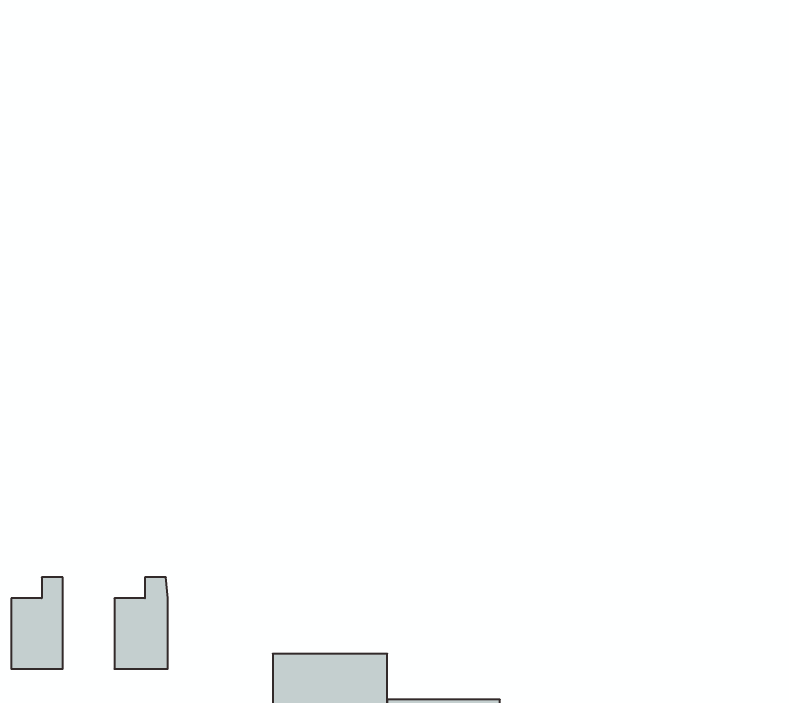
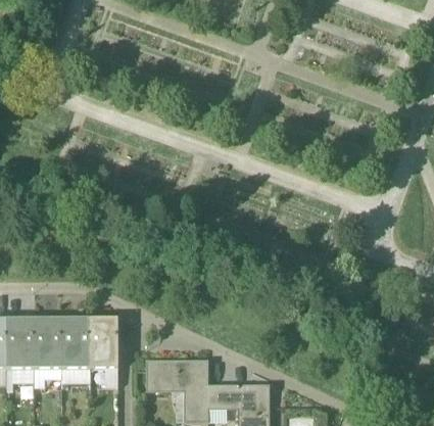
building: none -> [34,320,61,369]
building: none -> [90,320,117,369]

